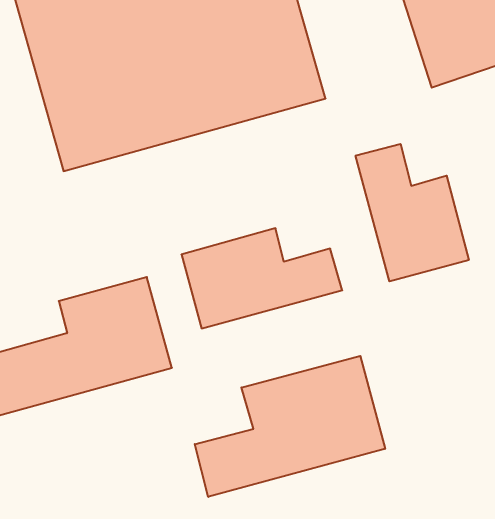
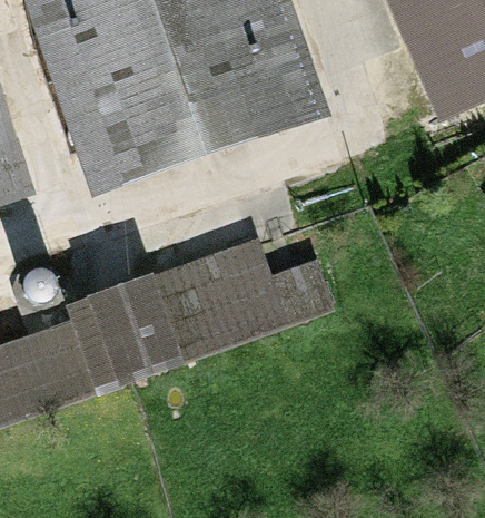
building: [356,144,469,281] -> none
building: [195,356,385,497] -> none

